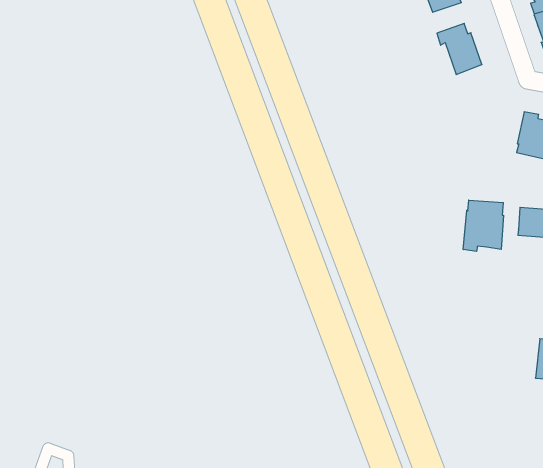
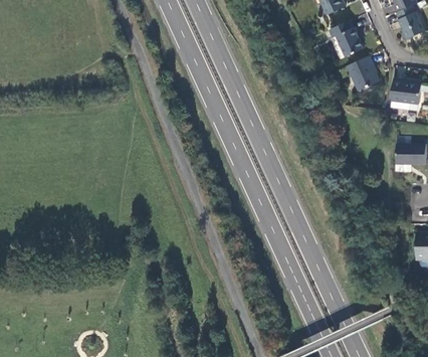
building: none -> [347,55,379,91]
building: [463,200,504,251] -> none

